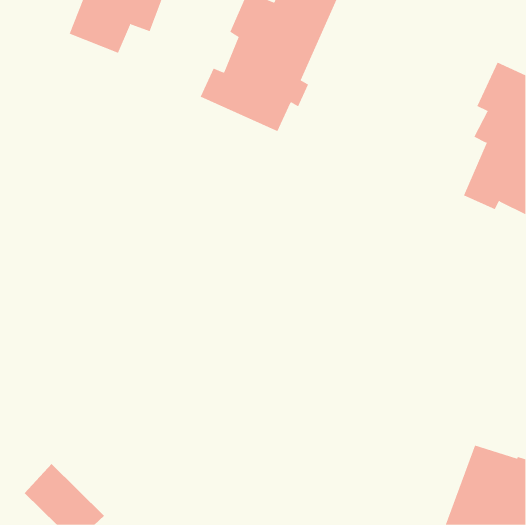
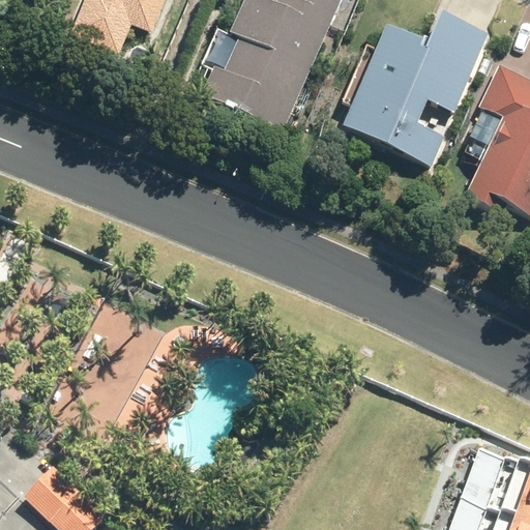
building: none -> [344,9,488,163]

